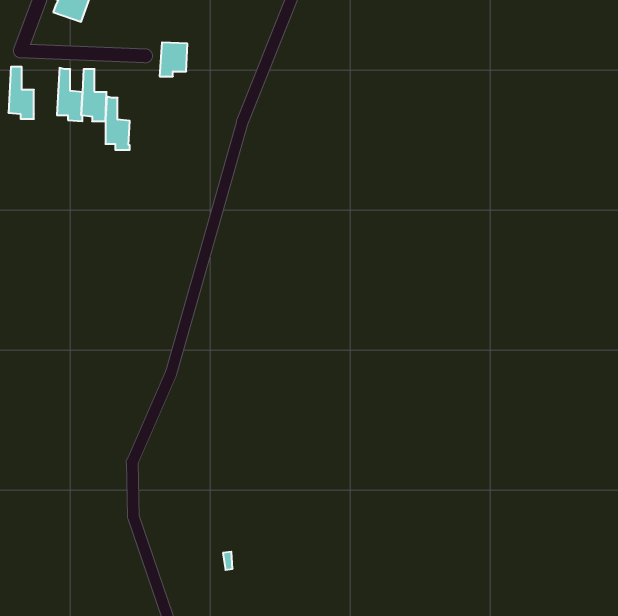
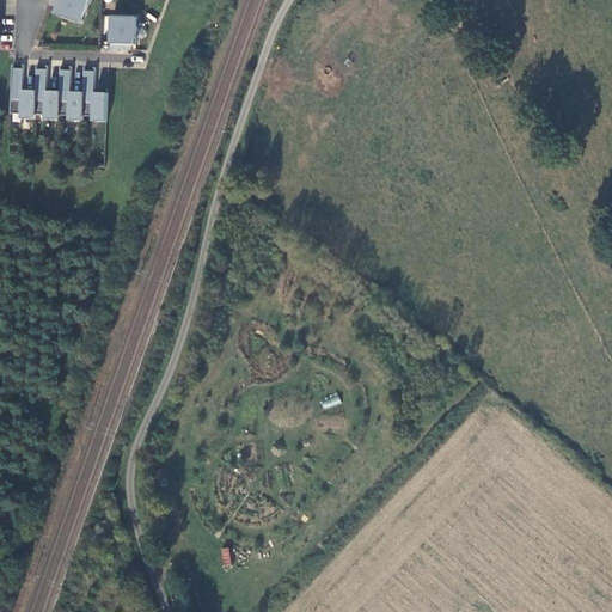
building: [160,42,187,76] -> [108,14,135,48]
building: [105,97,130,150] -> [33,66,57,118]

